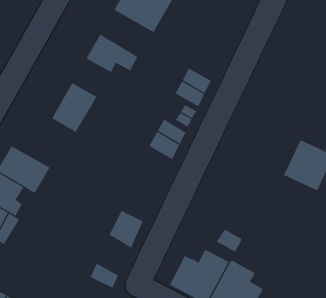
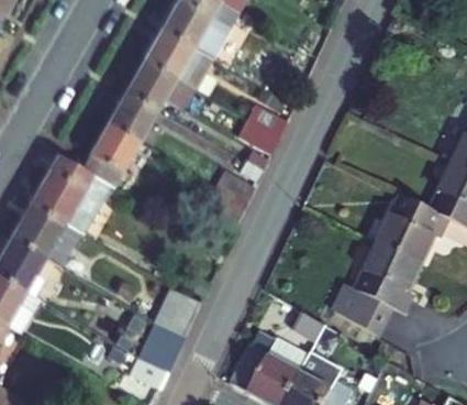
building: none -> [143,29,212,89]
building: none -> [107,91,157,141]
building: none -> [29,155,110,234]
building: none -> [335,242,423,336]
building: none -> [138,320,185,372]

